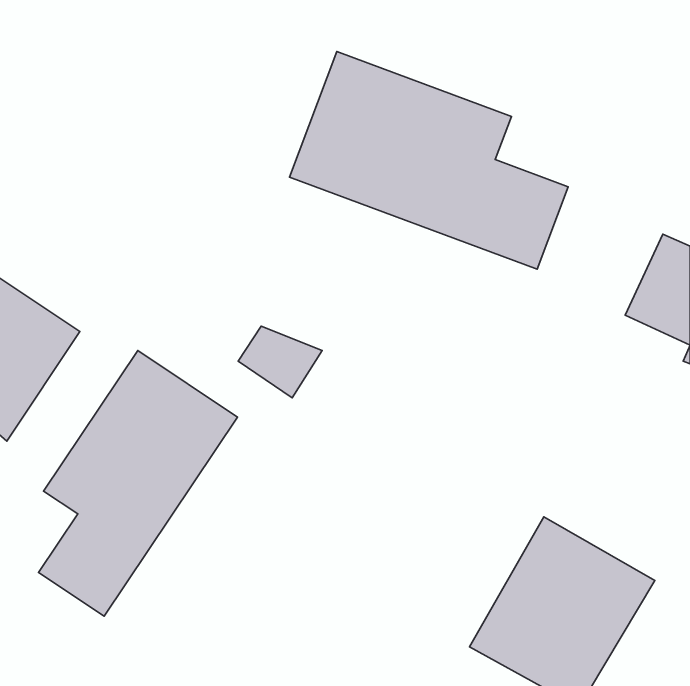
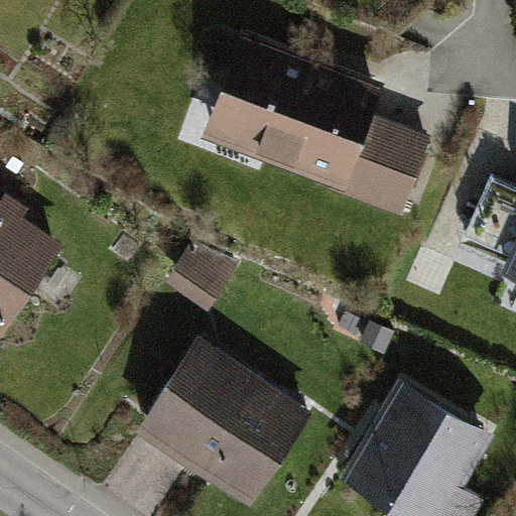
building: [39,351,238,616] -> none
building: none -> [144,348,307,503]

